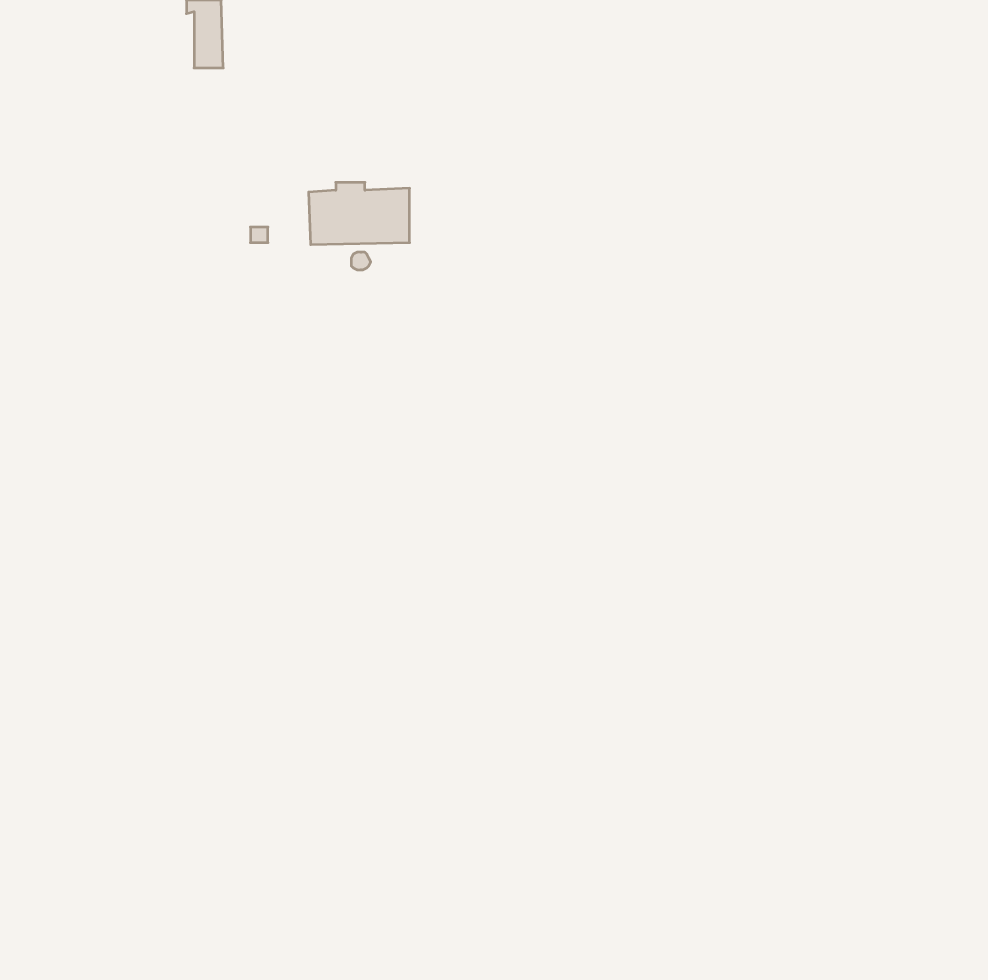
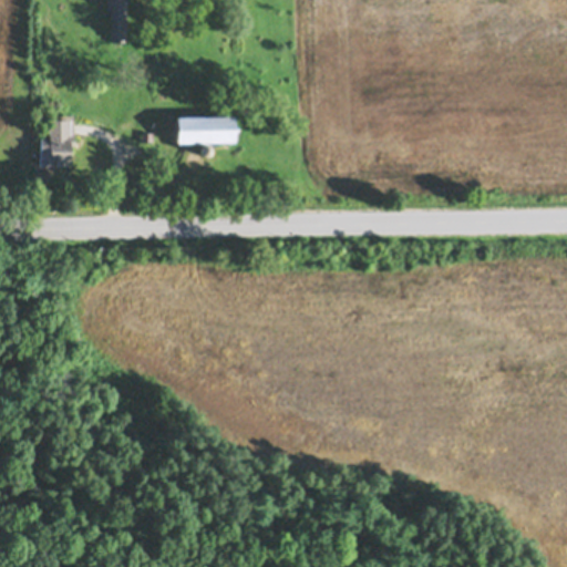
building: none -> [41,121,73,167]

